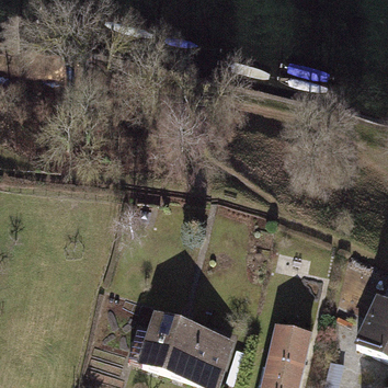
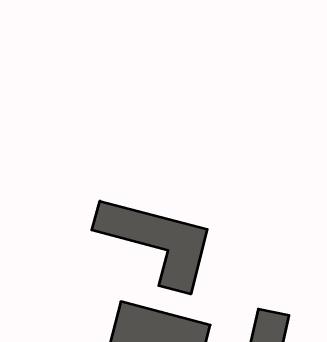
building: none -> [92,201,207,294]

